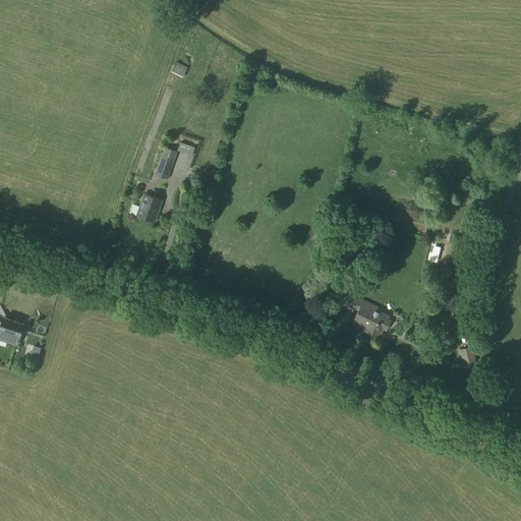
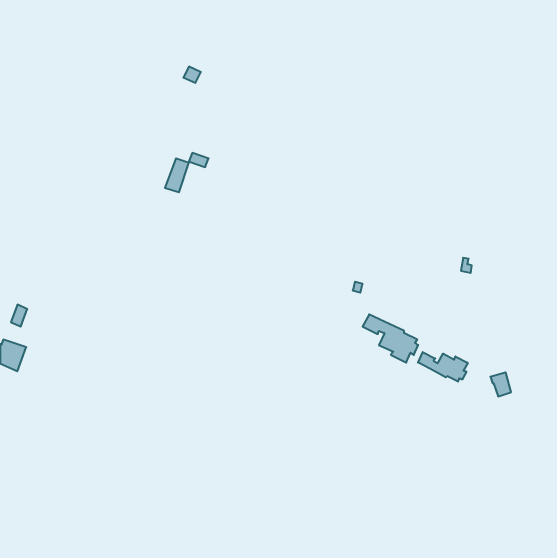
building: [137,194,163,222] -> none
building: none -> [418,352,468,382]

